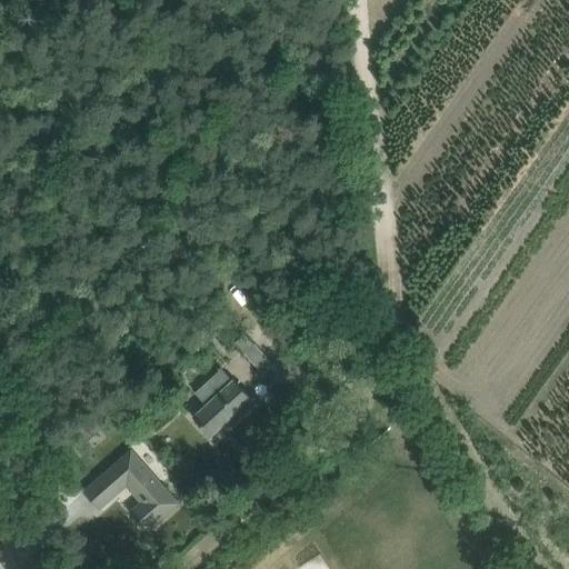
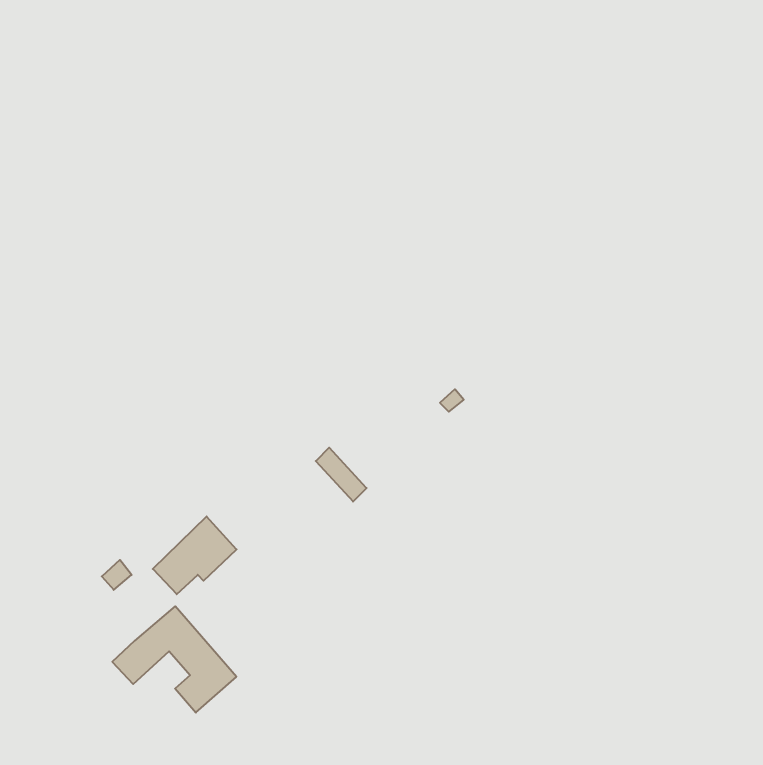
building: [191,378,253,436] -> [153,516,237,594]

